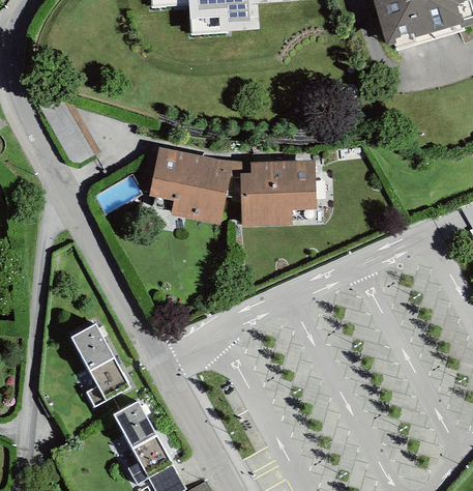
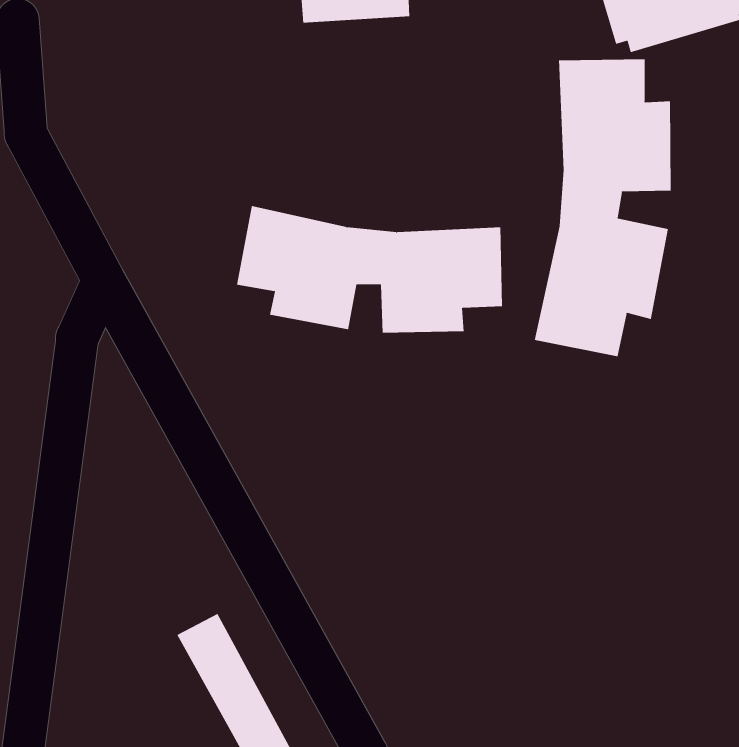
building: none -> [534,58,671,357]
building: [70,322,129,406] -> none

